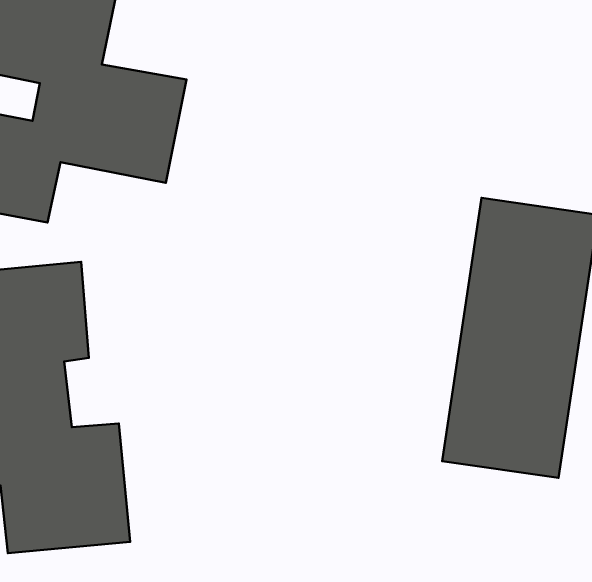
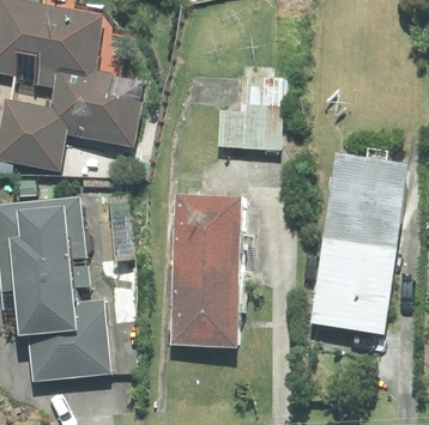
building: none -> [217,108,279,147]
building: none -> [170,196,244,347]

